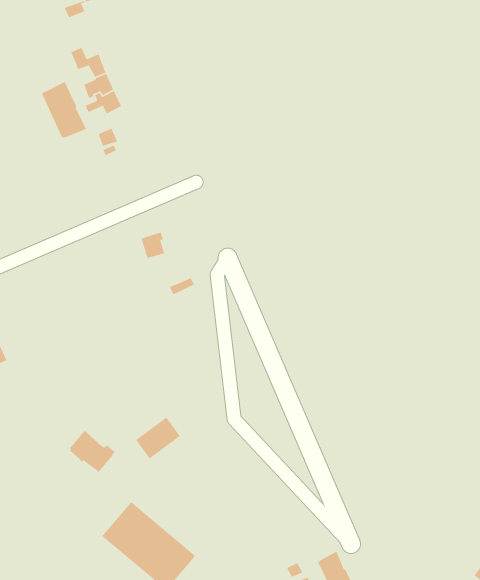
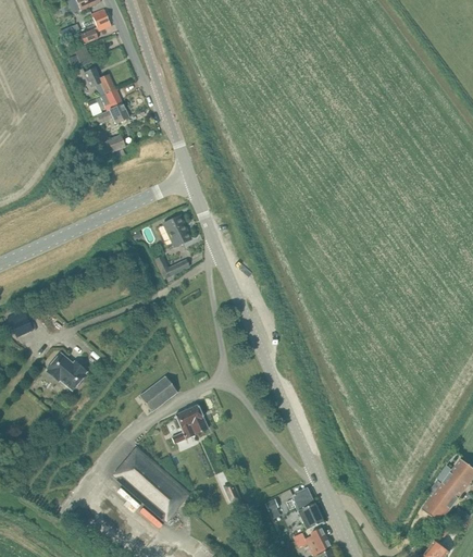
building: [41,81,87,138] -> none
building: none -> [163,215,190,247]
building: [69,430,116,473] -> [47,354,86,389]
building: none -> [171,405,208,444]

